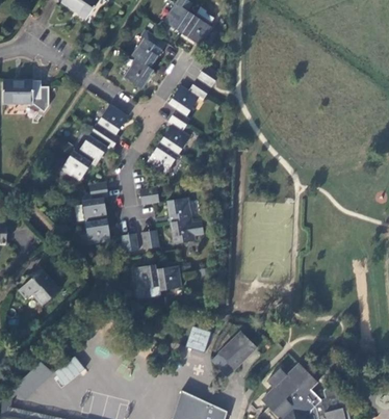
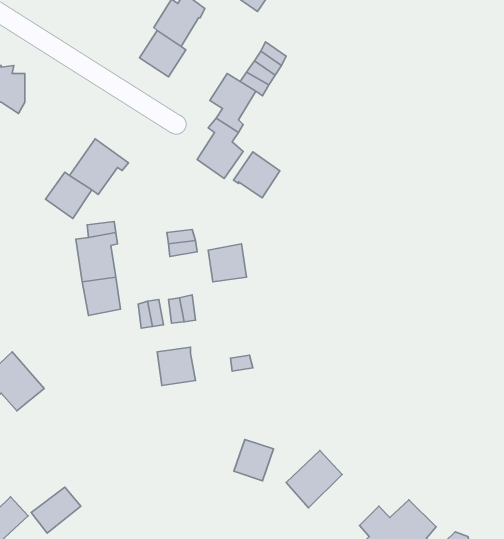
building: [94,105,128,145] -> none
building: [148,142,178,173] -> [234,152,280,198]
building: [171,219,196,244] -> none
building: [156,266,182,292] -> none

